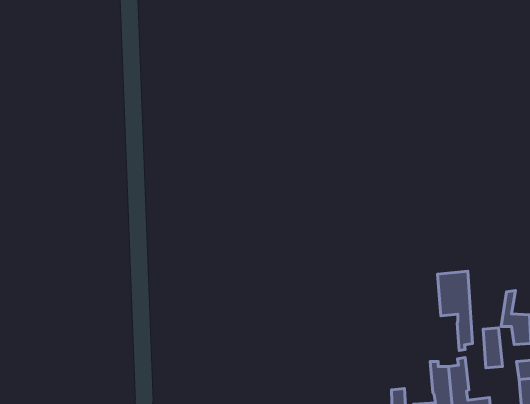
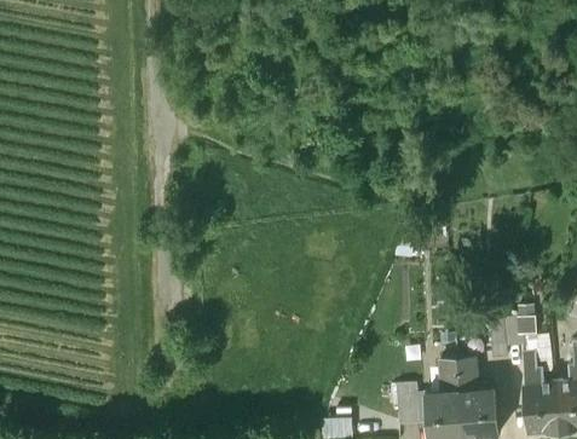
building: [437,271,472,350] -> none

